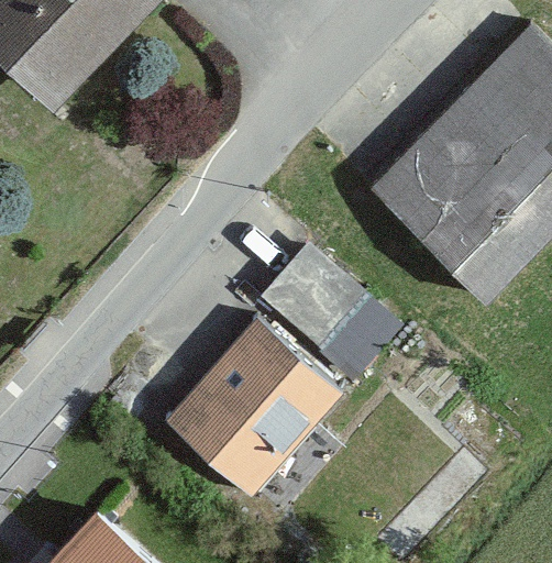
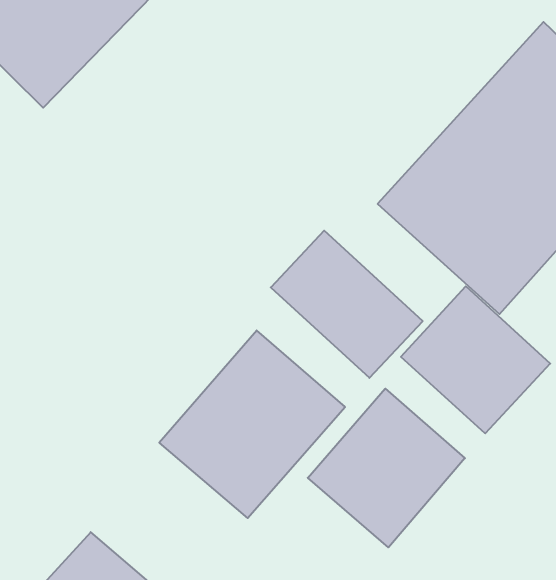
building: none -> [401,286,550,433]
building: none -> [308,389,465,547]

